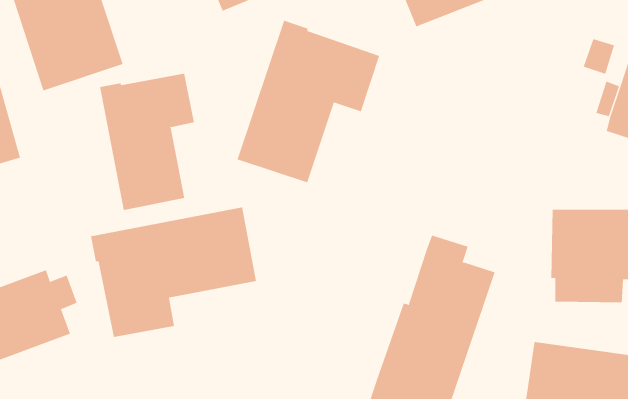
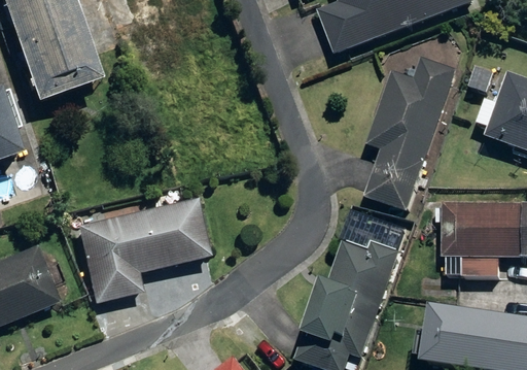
building: [237,20,380,183] -> none
building: none -> [365,56,456,211]
building: [99,73,194,211] -> none

